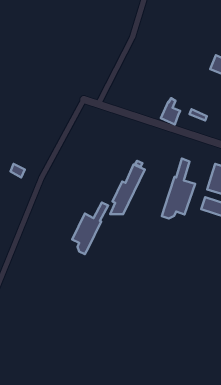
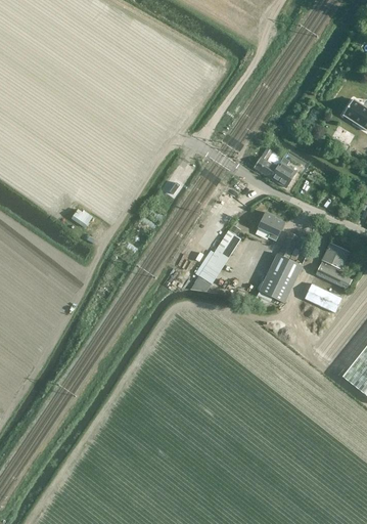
building: none -> [255,146,282,177]
building: none -> [256,211,284,239]
building: [72,203,108,254] -> none

